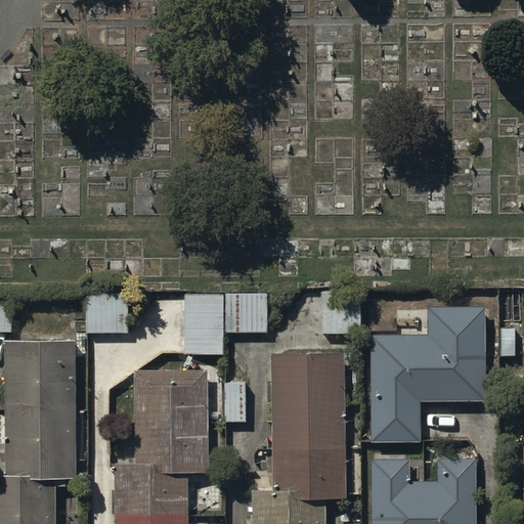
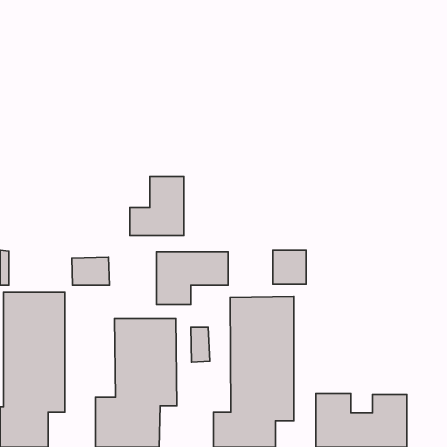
building: none -> [130,176,184,235]
building: [368,308,485,443] -> none

